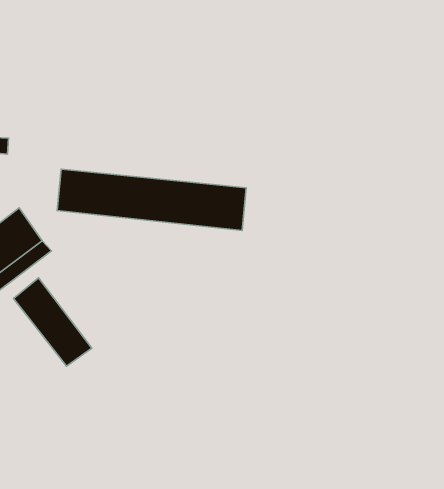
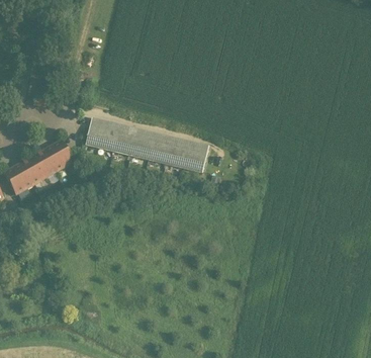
building: [14,278,92,366] -> none

